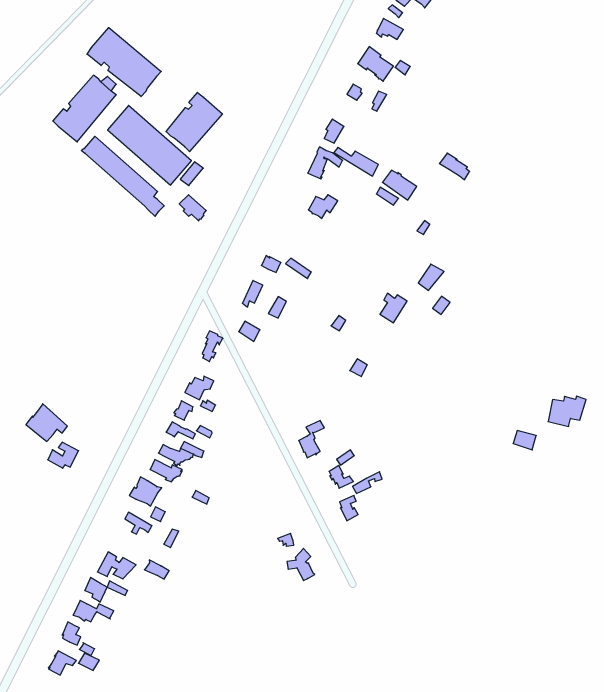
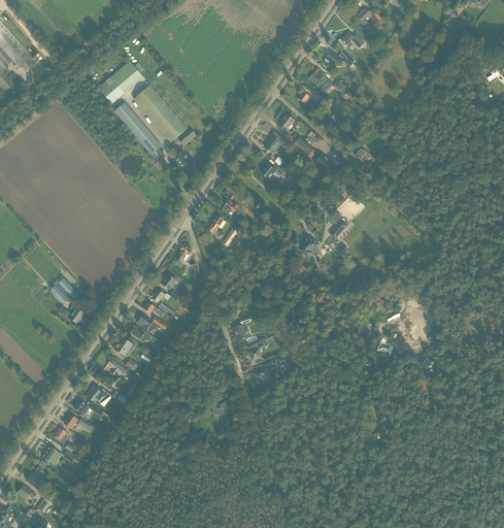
building: [87,28,161,97] -> none
building: [166,92,222,152] -> none

